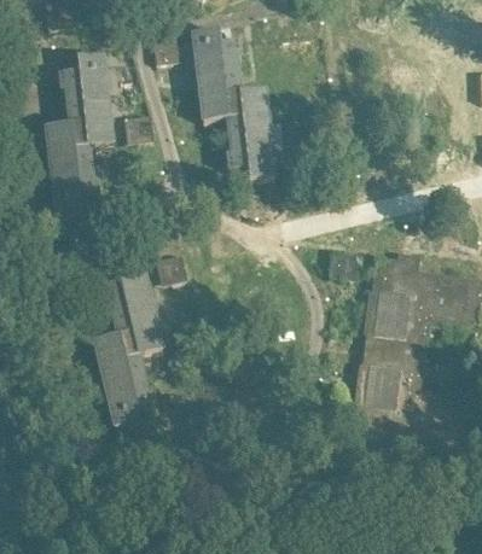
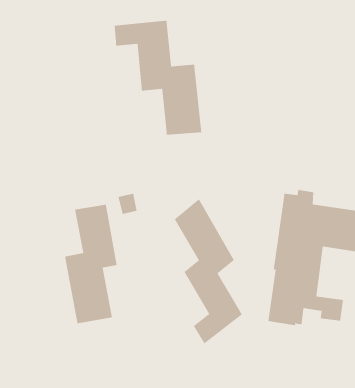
building: [52,56,155,196] -> none
building: none -> [174,198,243,345]

